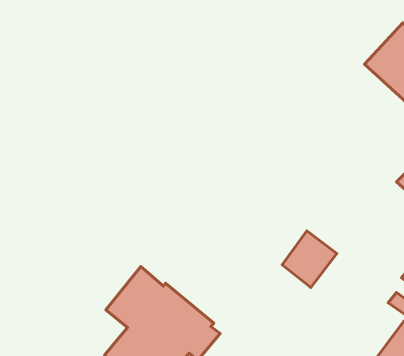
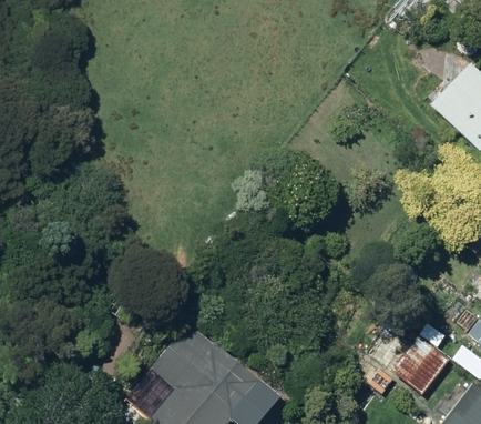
building: [282,231,337,288] -> [395,337,453,398]

